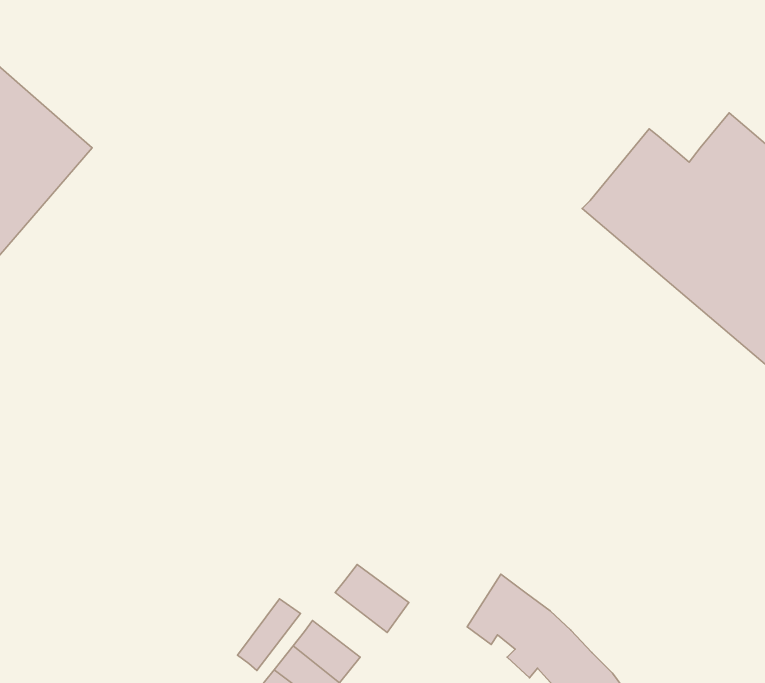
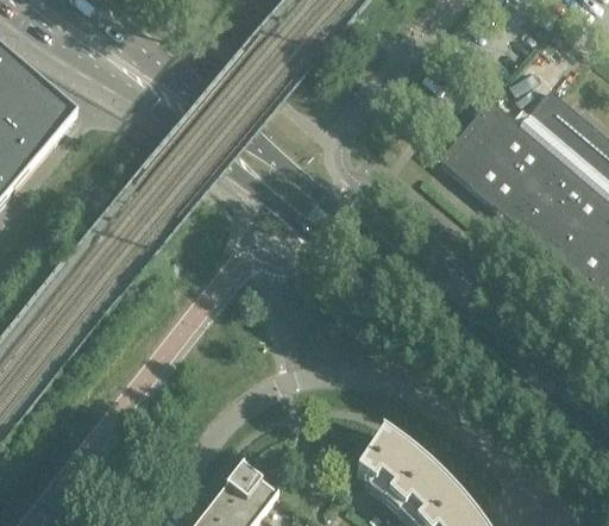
building: [335,564,409,632] -> none
building: [237,599,301,671] -> none

